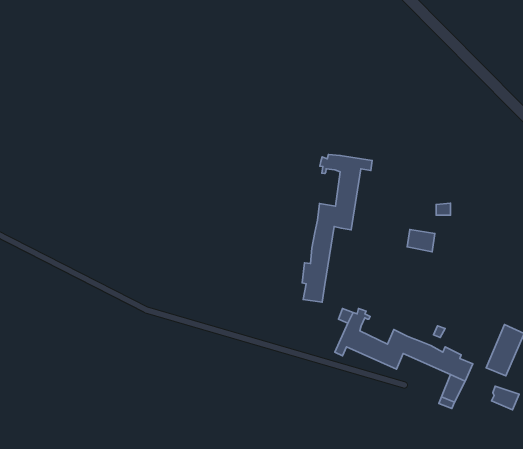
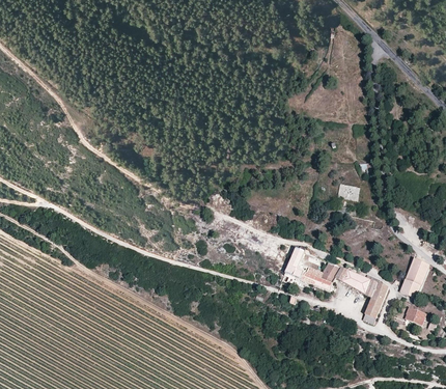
building: [302,154,372,302] -> none

